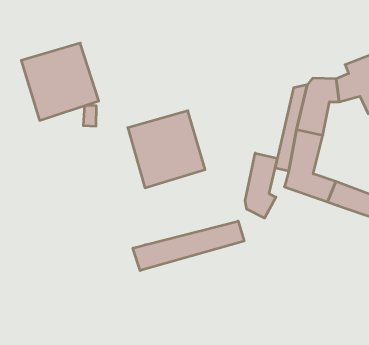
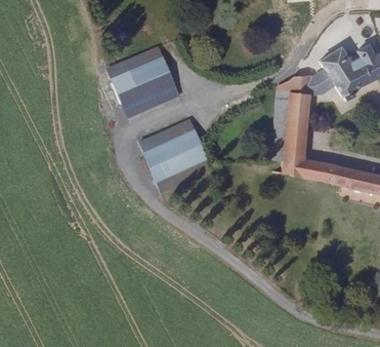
building: [21,43,99,120] -> [105,42,177,114]
building: [245,153,277,218] -> none
building: [133,221,244,271] -> none

